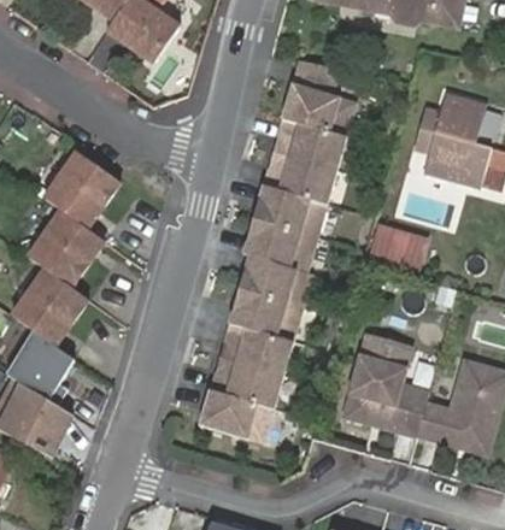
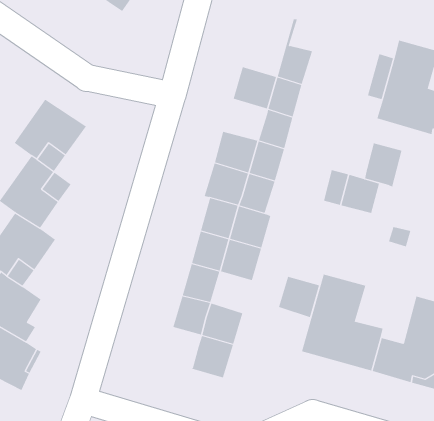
building: [282,61,335,129] -> none
building: [262,152,309,195] -> none
building: none -> [365,143,402,187]
building: [249,331,293,375] -> [278,276,320,318]
building: [199,389,240,432] -> none

